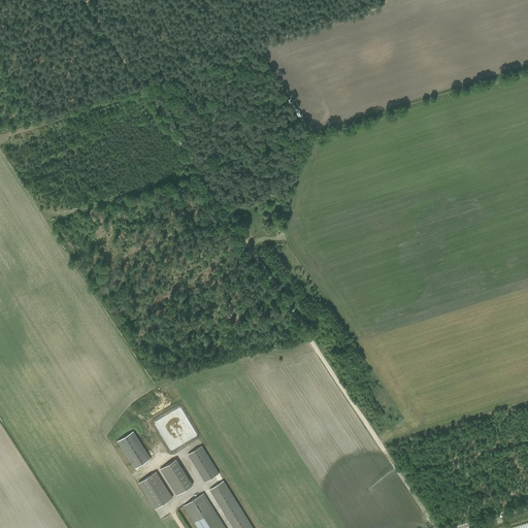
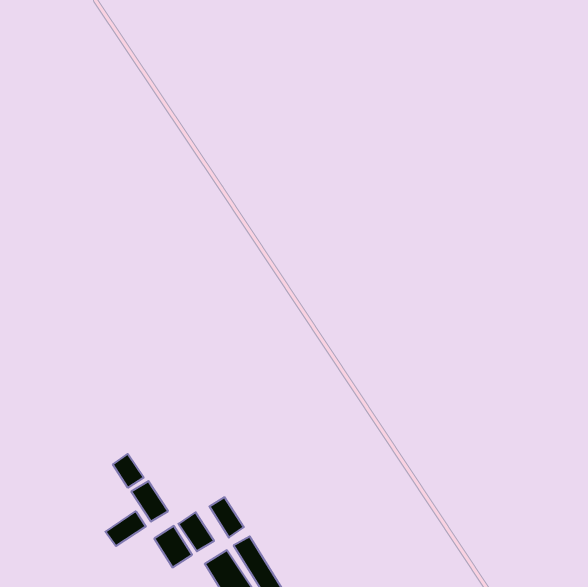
building: none -> [113,454,144,488]
building: none -> [105,511,146,546]

